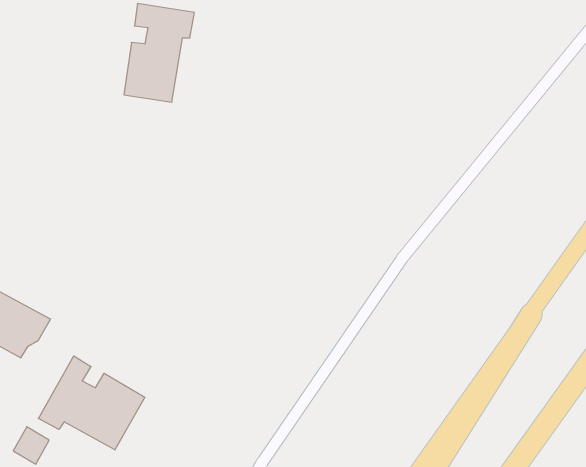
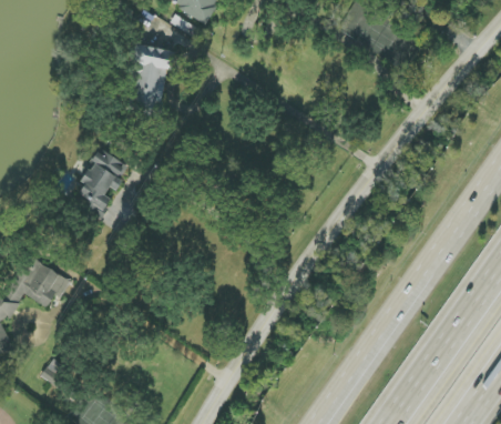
building: none -> [74,148,127,218]
building: [38,356,145,450] -> none

